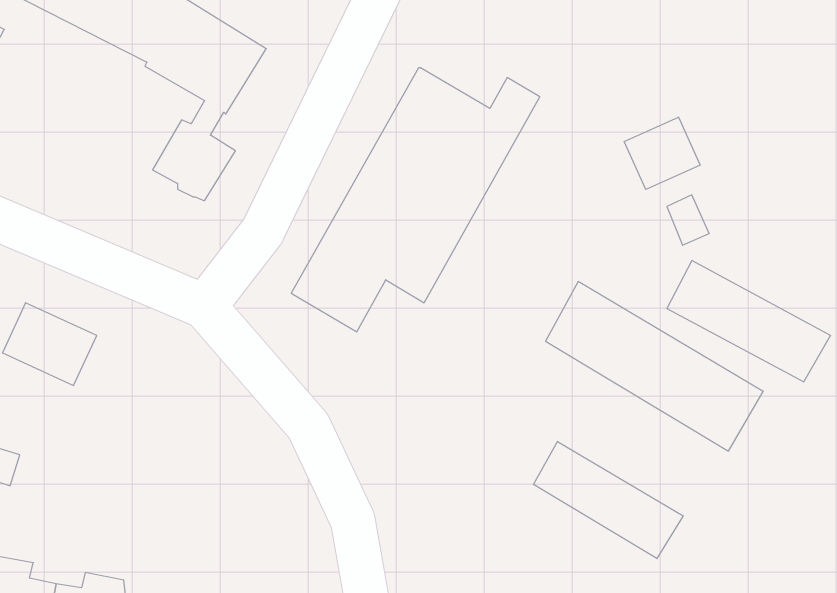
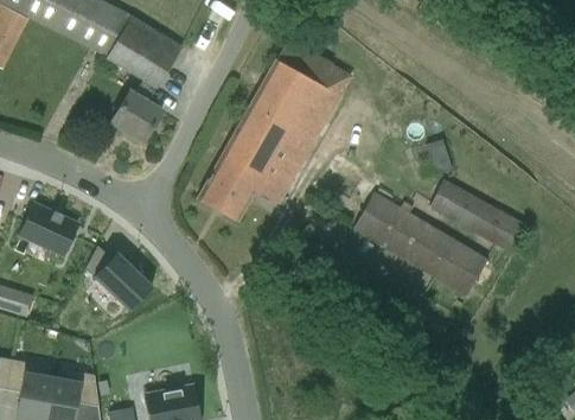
building: [624,117,700,189] -> none
building: none -> [85,246,152,310]
building: [534,441,683,559] -> none

